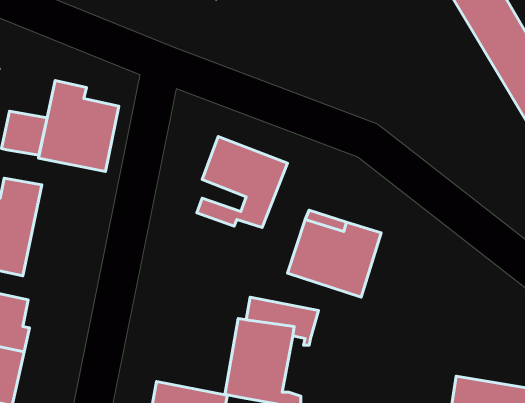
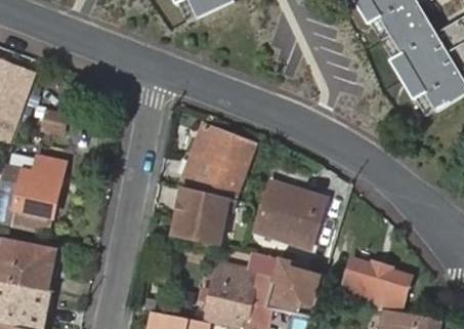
building: [38,80,119,171] -> none
building: none -> [174,187,236,245]
building: none -> [271,257,318,307]
building: none -> [340,257,410,306]

